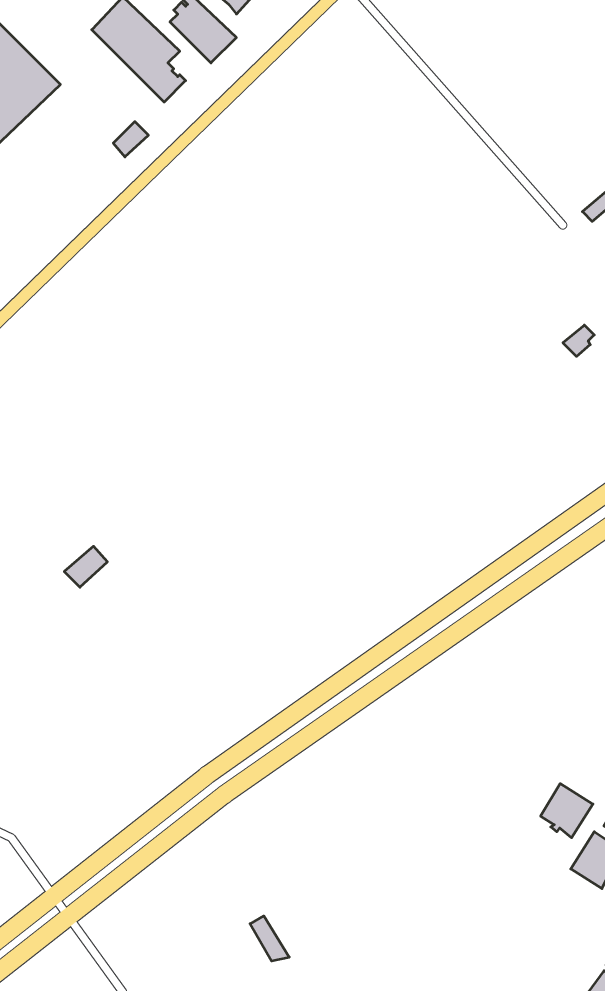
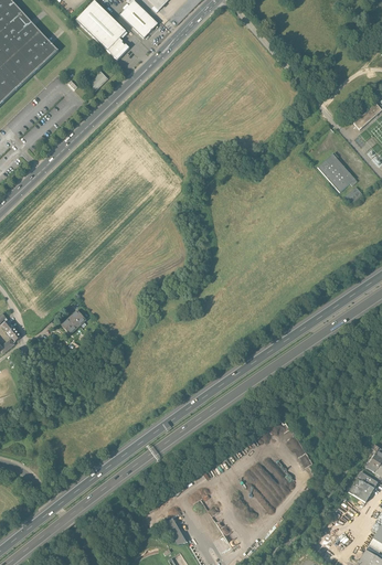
building: none -> [317,150,357,189]
building: [541,784,593,838] -> none

